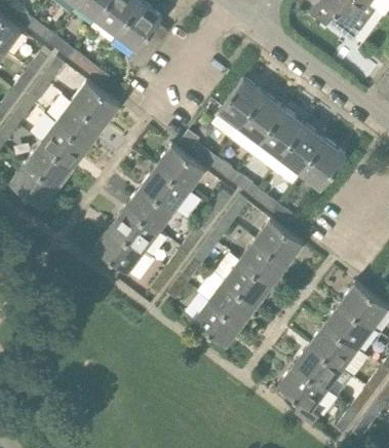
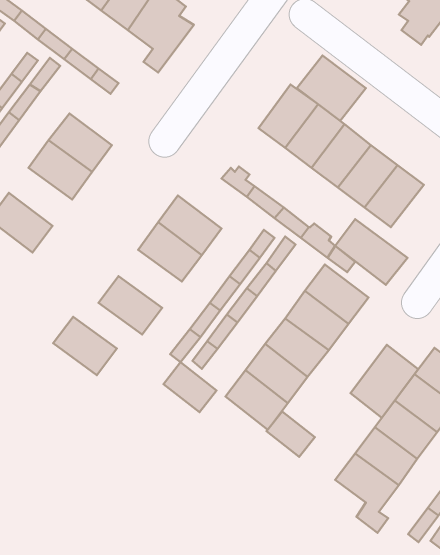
building: none -> [297,55,366,121]
building: [72,80,120,125] -> none
building: [25,143,74,188] -> none
building: [156,144,205,190] -> none
building: none -> [335,219,407,285]
building: [110,207,159,252] -> [53,317,117,375]
building: none -> [351,345,418,418]
building: none -> [164,362,217,412]
building: none -> [267,412,315,457]

